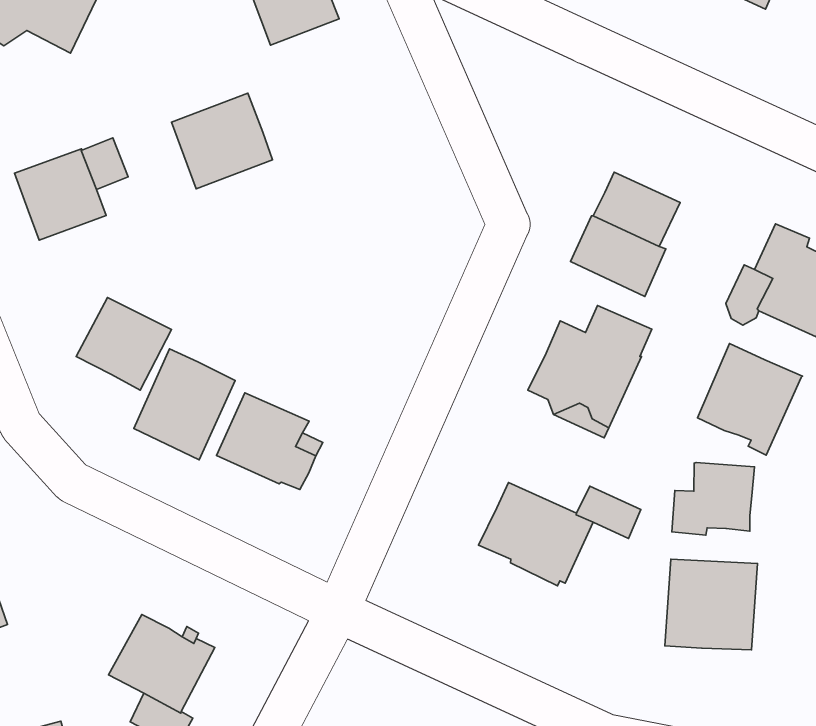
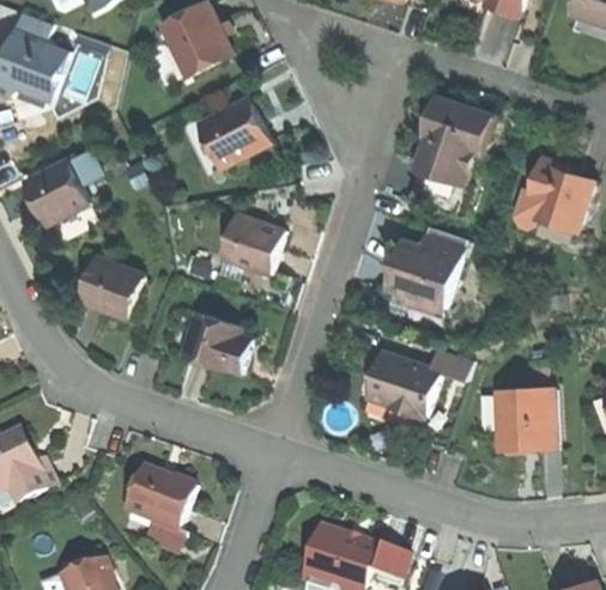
building: [172,93,272,189] -> [196,98,267,166]
building: none -> [424,98,493,153]
building: none -> [219,213,283,273]
building: [697,343,803,455] -> none
building: [134,349,235,460] -> none
building: [672,462,754,535] -> none

